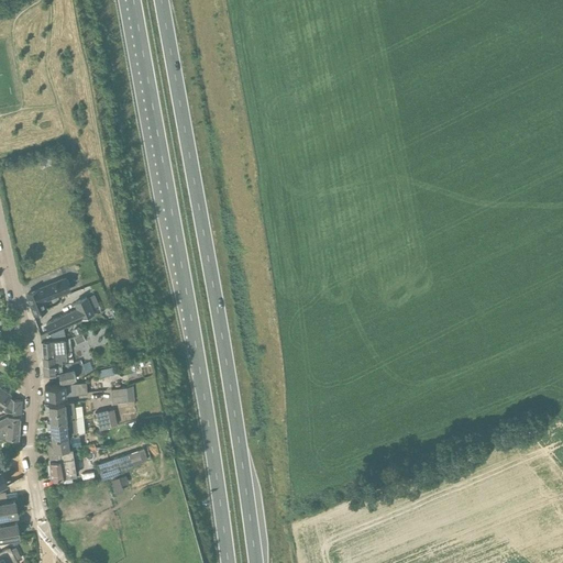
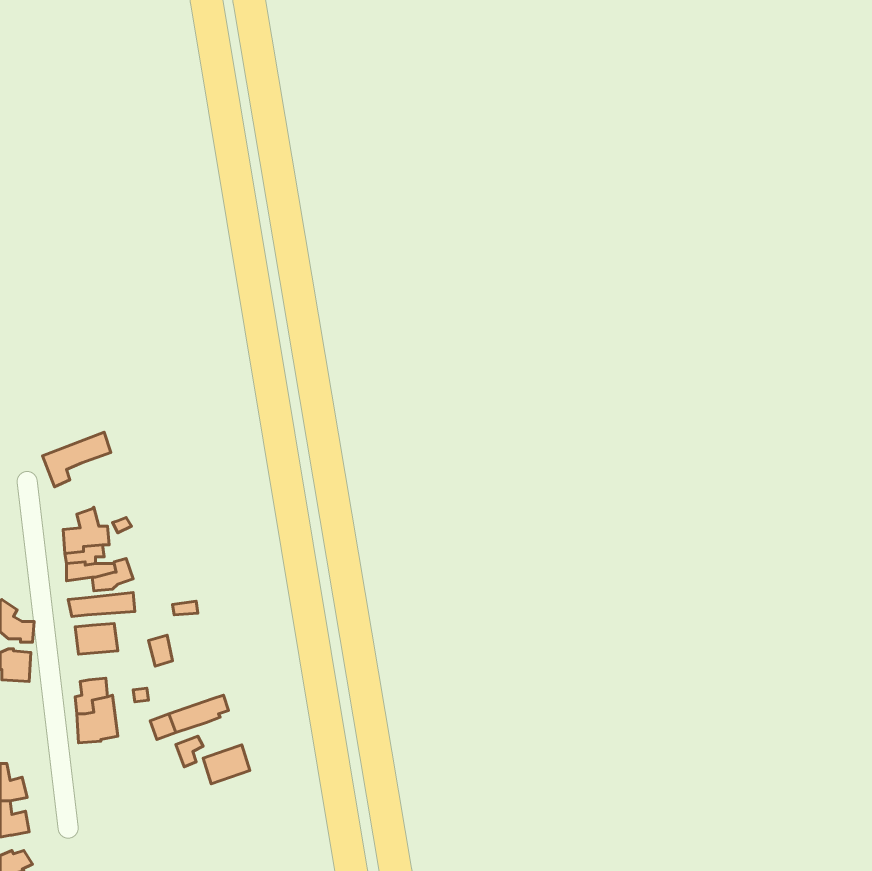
building: [46,298,95,332] -> none
building: [51,420,78,440] -> none
building: none -> [203,745,250,784]

